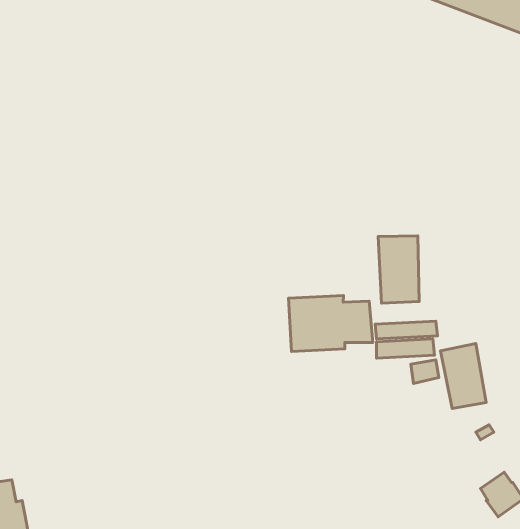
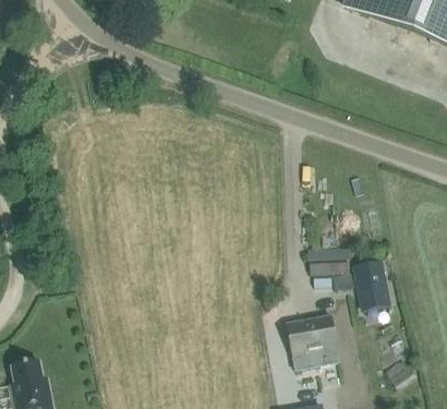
building: [378,236,419,303] -> none
building: [288,295,373,351] -> none
building: none -> [287,314,339,369]

